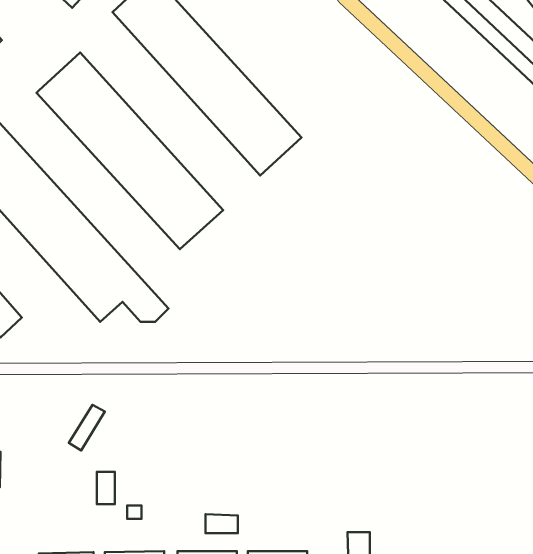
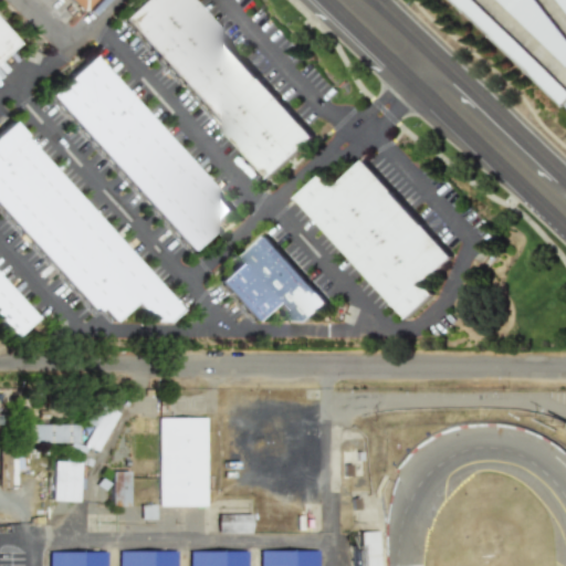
building: none -> [301,165,454,321]
building: none -> [224,239,332,324]
building: none -> [161,418,209,506]
building: none -> [22,423,80,442]
building: none -> [54,461,82,502]

